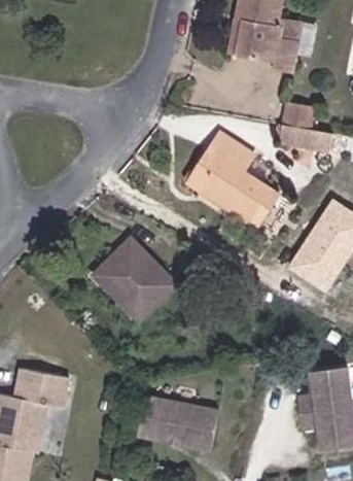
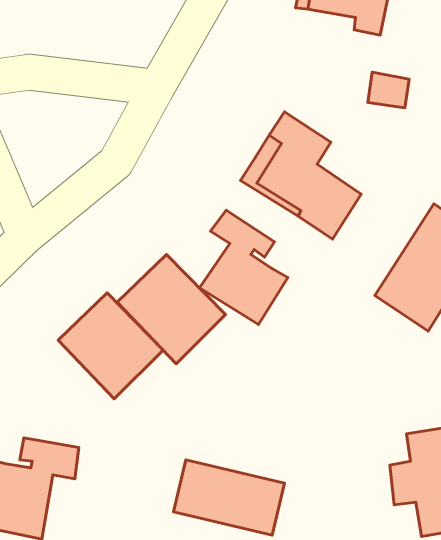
building: [278,125,331,153] -> none
building: none -> [199,210,288,325]
building: none -> [58,293,163,399]

